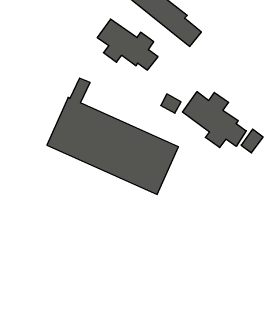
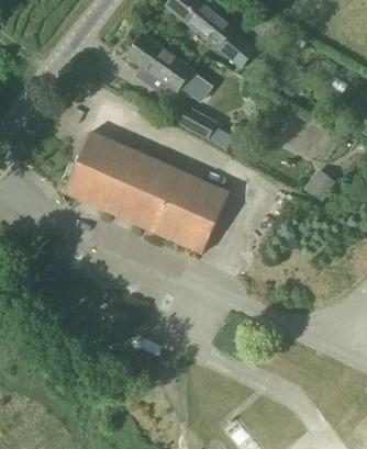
building: none -> [175,104,216,142]
building: [182,92,246,148] -> none

